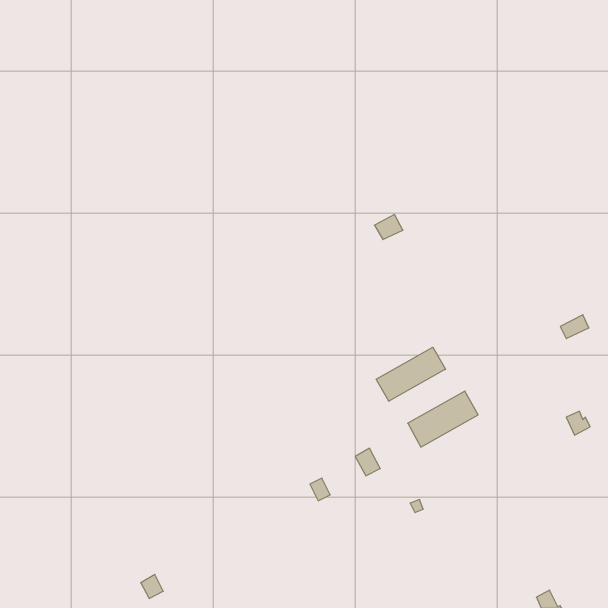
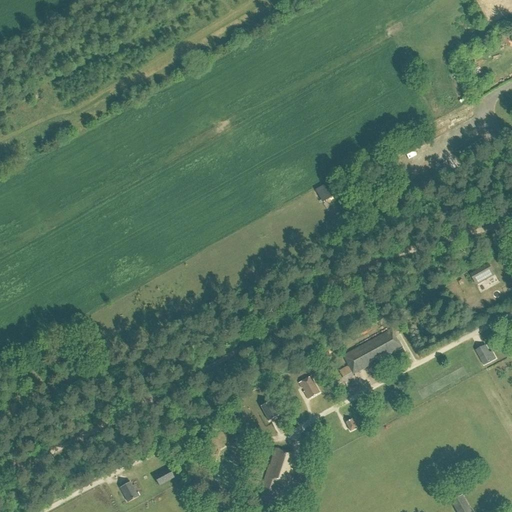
building: [376,347,446,401] -> none
building: none -> [260,448,292,496]

